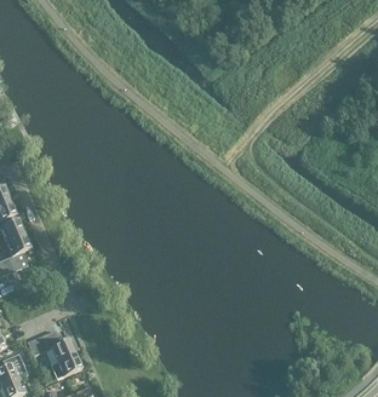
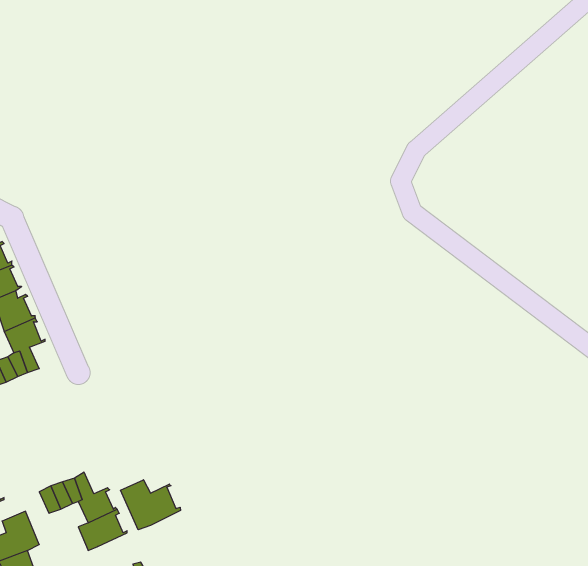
building: none -> [120,480,180,530]

